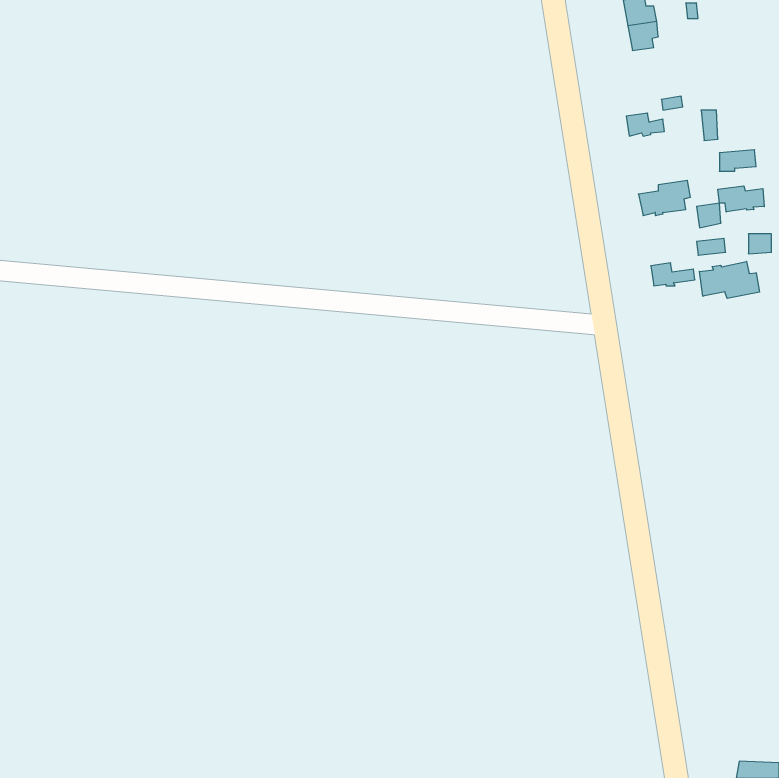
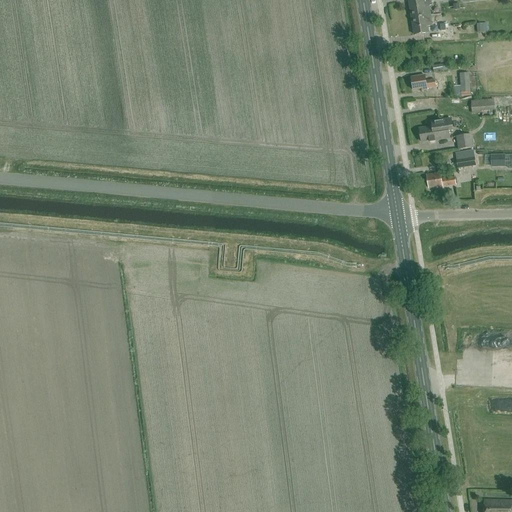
building: [718,186,764,212] -> none
building: [699,261,759,298] -> none

